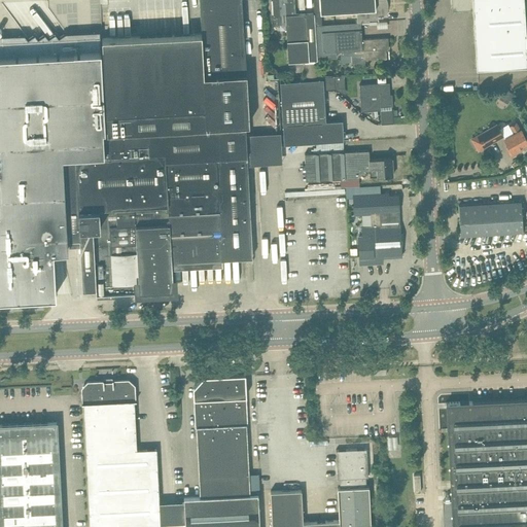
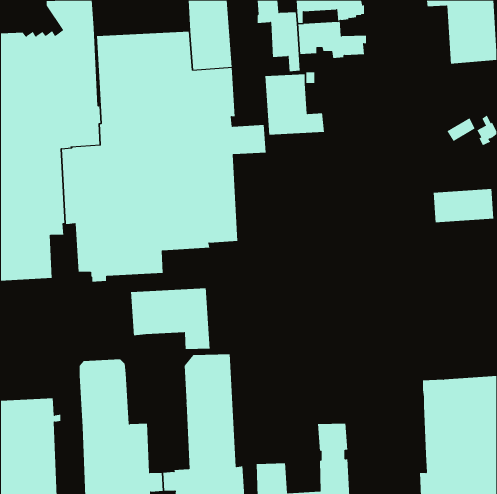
building: [345,85,392,127] -> none
building: [305,152,392,183] -> none
building: [354,188,401,267] -> none
building: none -> [130,288,210,350]

